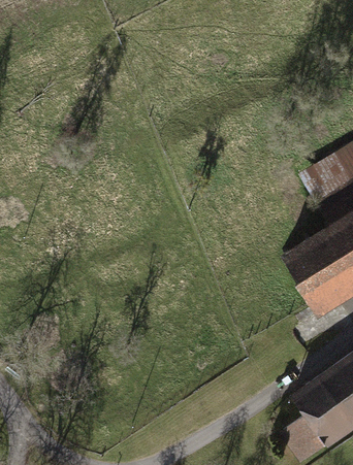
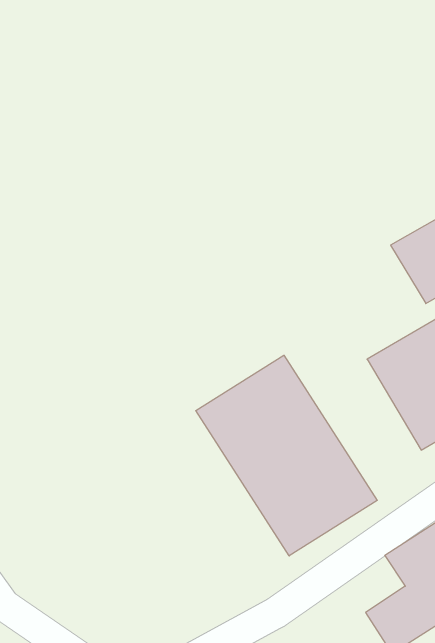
building: none -> [196,355,377,556]

